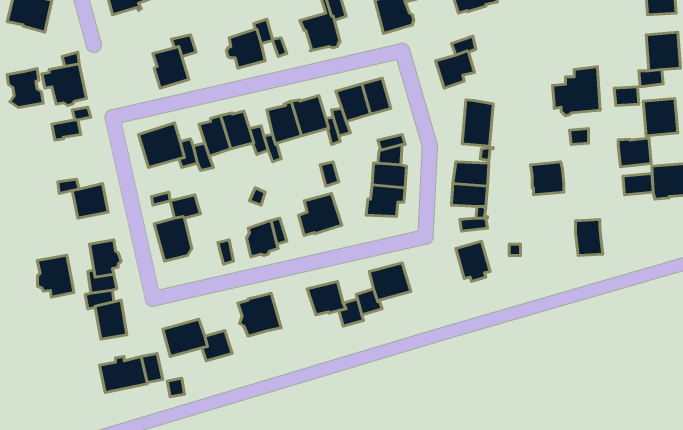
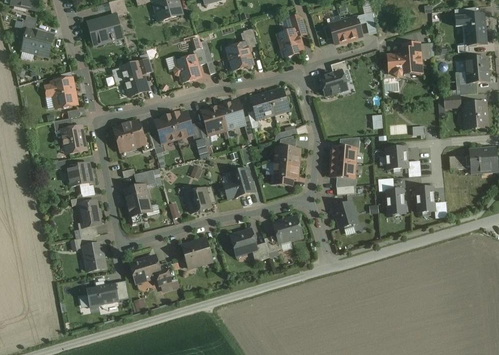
building: [553,67,600,116] -> [388,43,421,77]
building: [7,69,43,108] -> [61,126,86,153]
building: [462,100,493,146] -> none
building: [618,137,651,167] -> none
building: none -> [386,189,405,215]
building: [37,255,74,297] -> none

